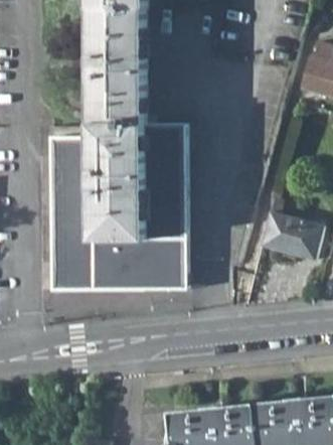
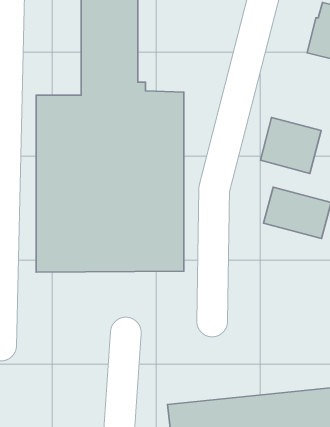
building: none -> [260,118,321,173]

